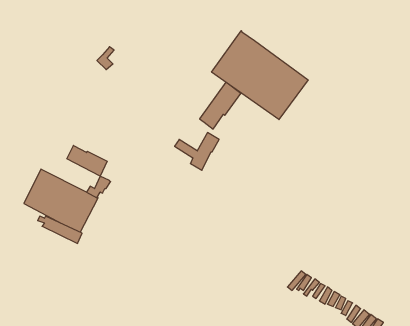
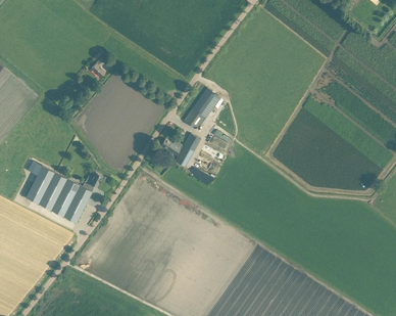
building: [212,31,308,120] -> none
building: [67,145,107,176] -> none

